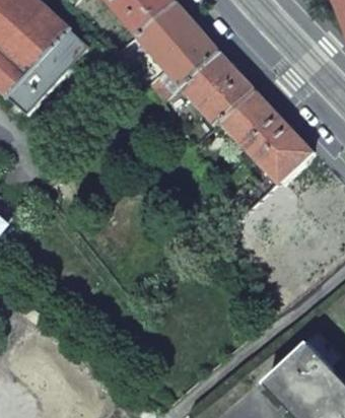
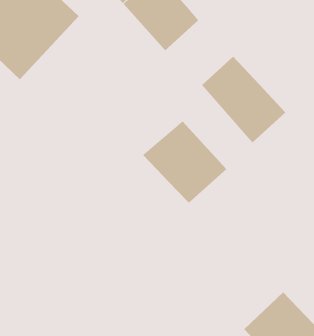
building: [182,52,255,125] -> none
building: none -> [142,120,227,204]

